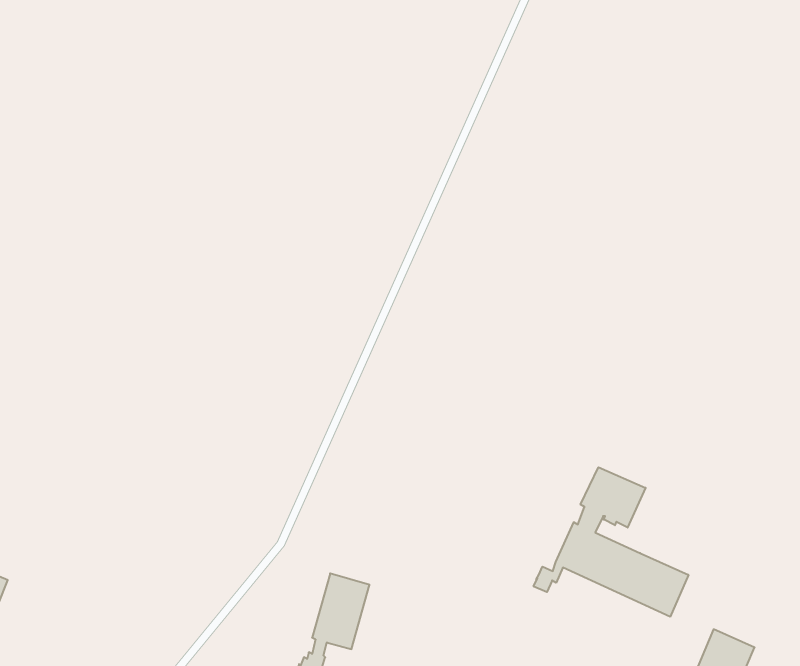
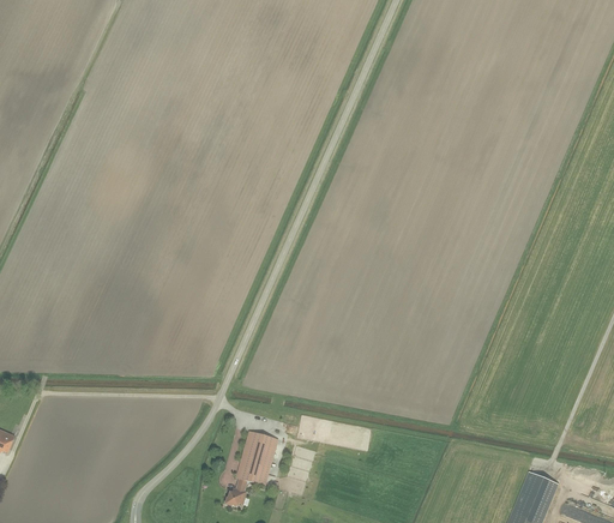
building: [534,467,688,617] -> none

